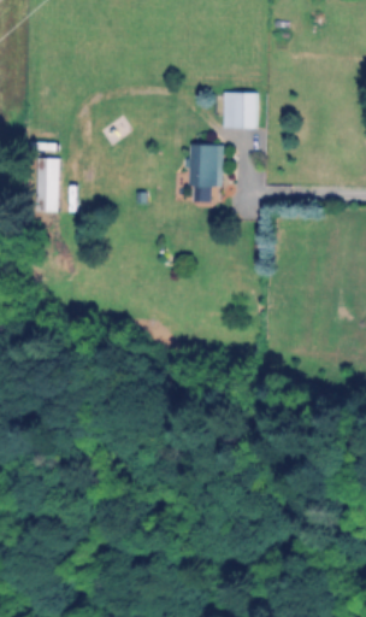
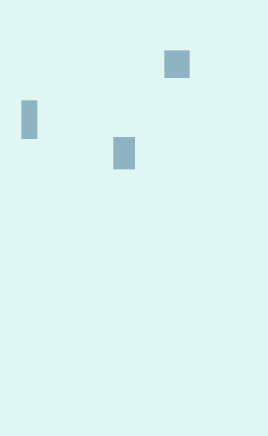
building: [190,143,220,187] -> [113,137,136,170]

